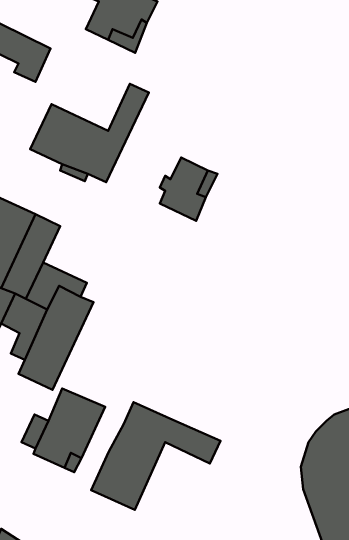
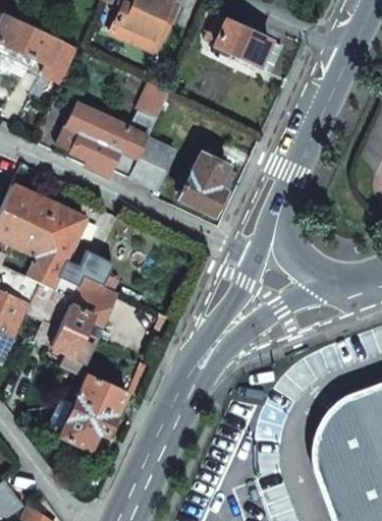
building: none -> [205,14,283,71]
building: none -> [129,137,175,189]
building: [91,402,221,510] -> none

